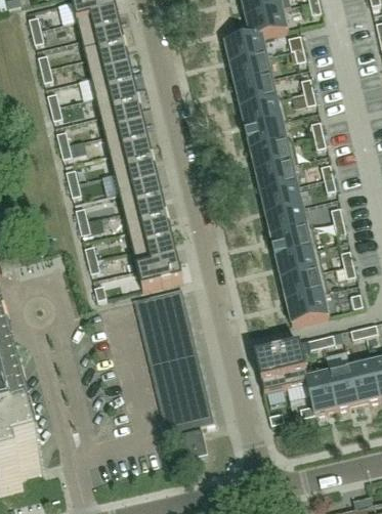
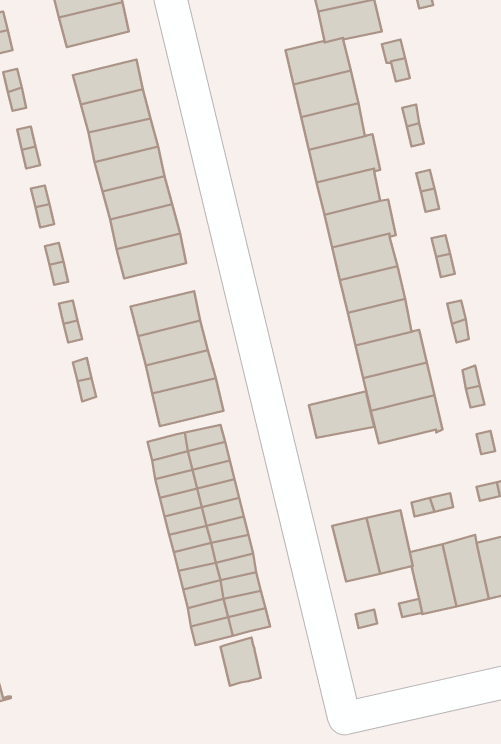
building: [81,30,127,58] -> none
building: [119,182,165,211] -> none
building: [287,292,330,323] -> [309,391,374,438]

